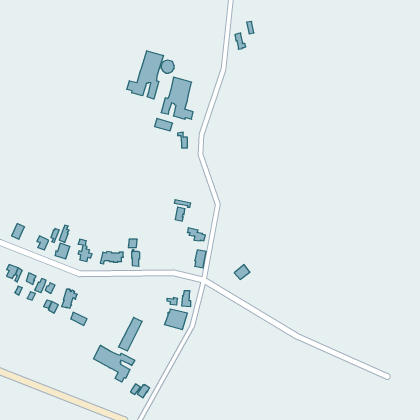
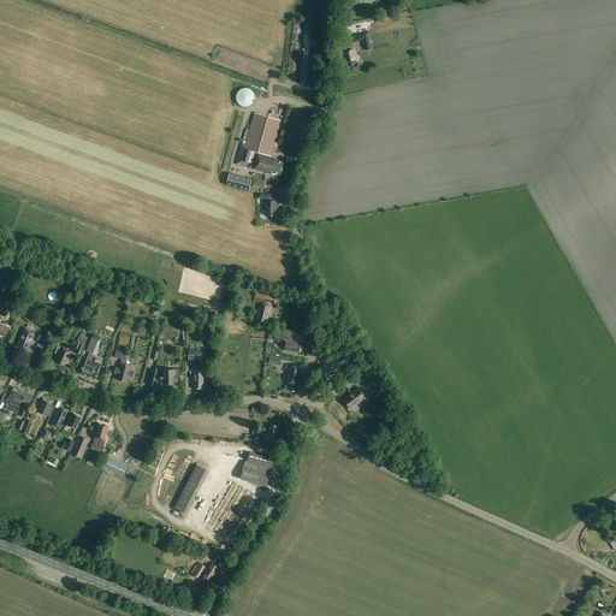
building: [127,51,163,99] -> none
building: [94,345,135,382] -> none

